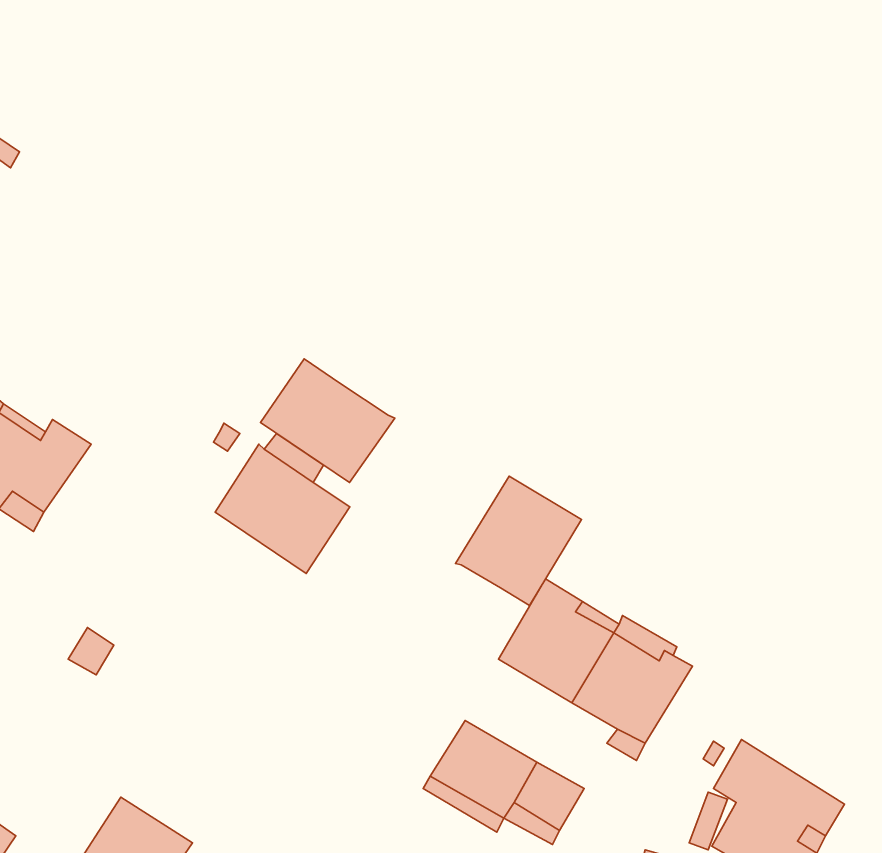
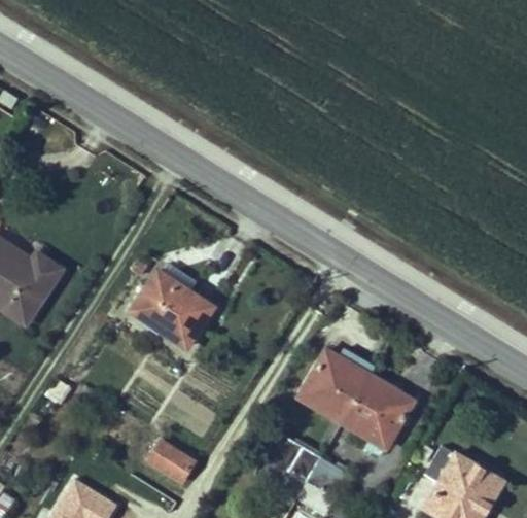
building: [260,359,395,482] -> none
building: [455,476,581,606] -> none
building: none -> [150,441,196,482]

